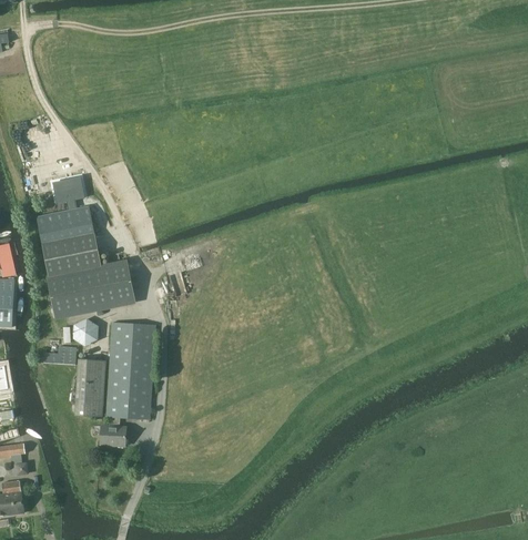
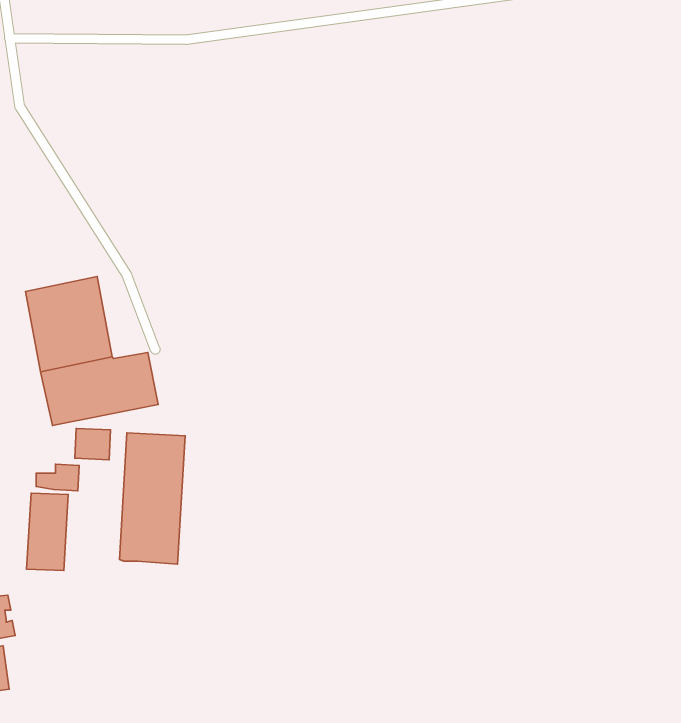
building: [51,174,87,202] -> none
building: [73,359,104,417] -> [27,493,68,571]
building: [99,418,125,446] -> none

